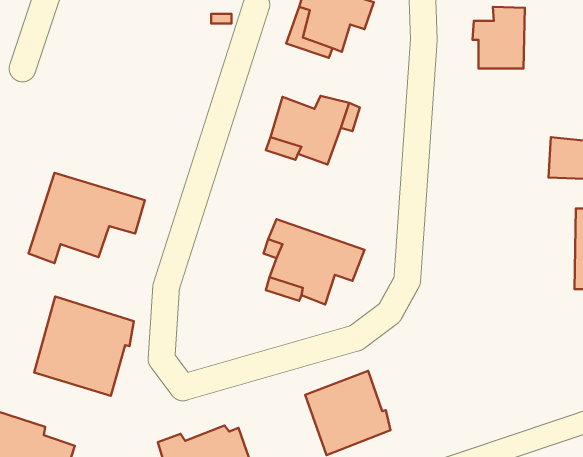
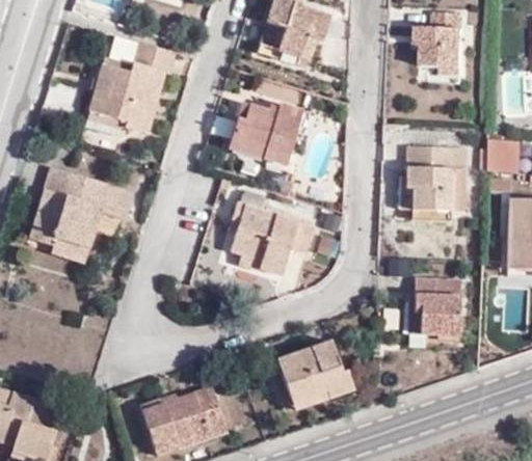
building: none -> [86,42,175,134]
building: none -> [396,143,463,220]
building: none -> [49,228,89,262]
building: [34,297,134,396] -> none
building: none -> [402,279,460,335]

